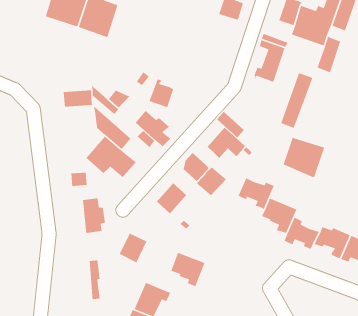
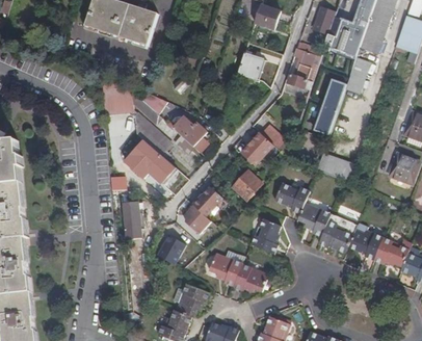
building: [148,78,174,108] -> [237,50,262,79]
building: [183,152,210,182] -> [184,205,210,234]
building: none -> [249,218,280,254]
building: none -> [231,265,267,293]

